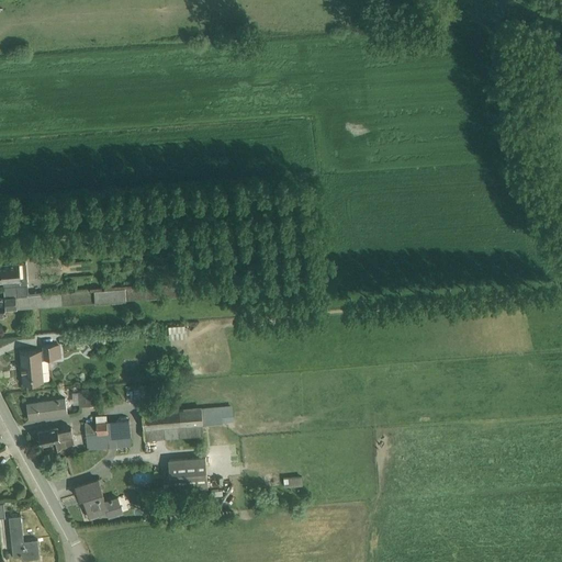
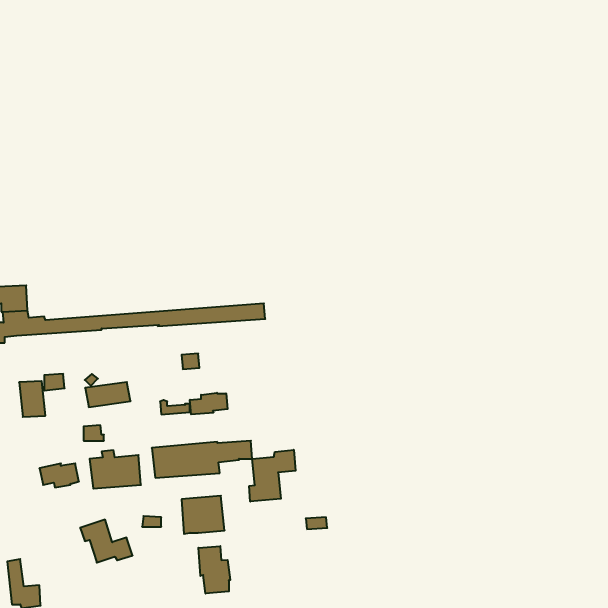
building: none -> [190,393,228,414]
building: [24,398,66,422] -> [85,382,131,407]
building: none -> [249,450,296,502]
building: none -> [198,546,230,594]

